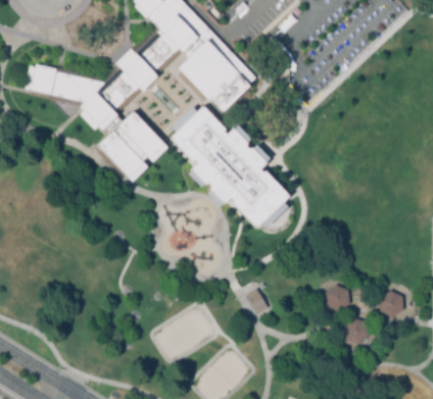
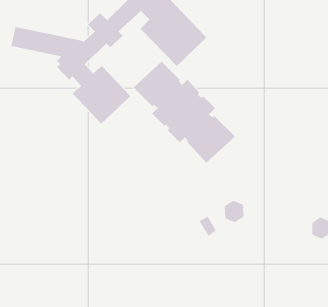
building: [326,286,350,312] -> [224,200,244,223]
building: [345,318,371,344] -> none

